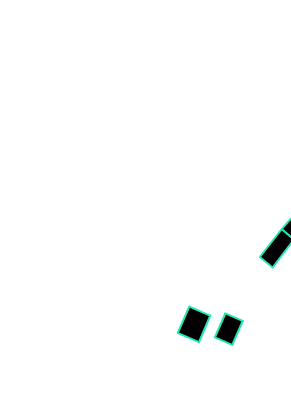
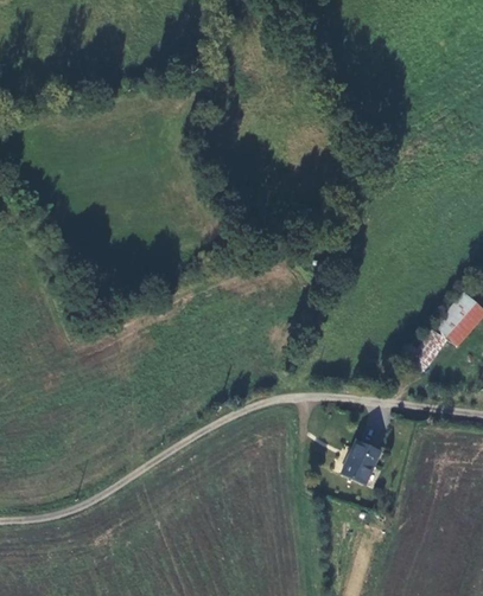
building: [178,306,210,342] -> none

